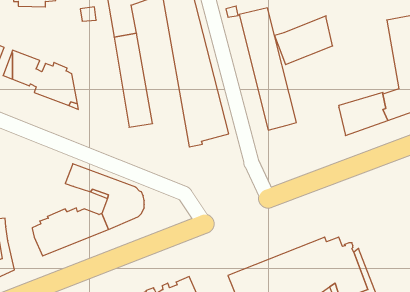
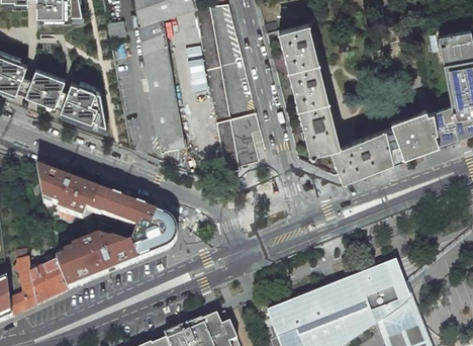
building: [274,16,333,65] -> [329,126,392,179]
building: none -> [35,165,99,218]
building: none -> [27,256,67,304]

